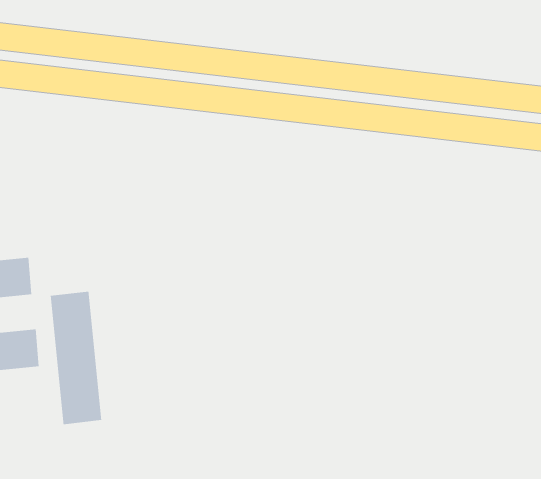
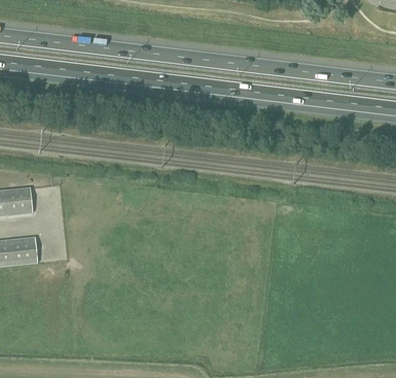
building: [50,291,102,425] -> none

